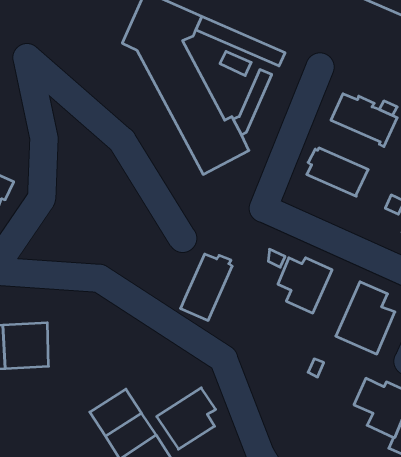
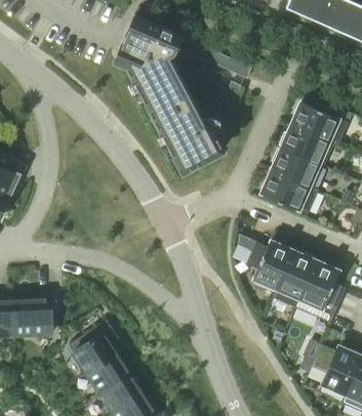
building: none -> [279,125,333,167]
building: none -> [262,171,318,214]
building: [180,254,232,320] -> [272,252,316,308]
building: [157,388,216,449] -> [68,321,118,373]

